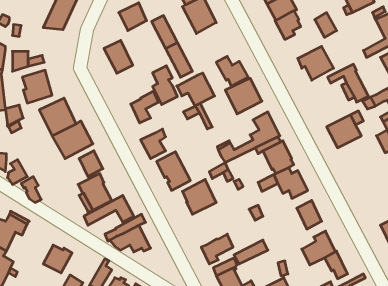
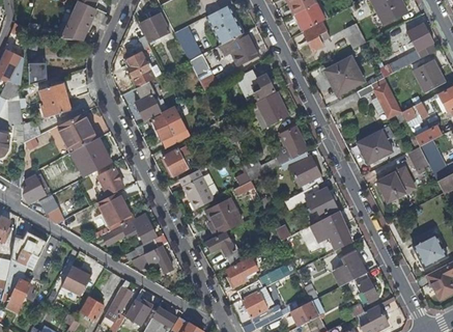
building: [153,66,177,105] -> [136,80,162,120]
building: [177,73,215,106] -> [220,31,259,65]
building: none -> [377,168,414,201]
building: none -> [206,231,244,266]

